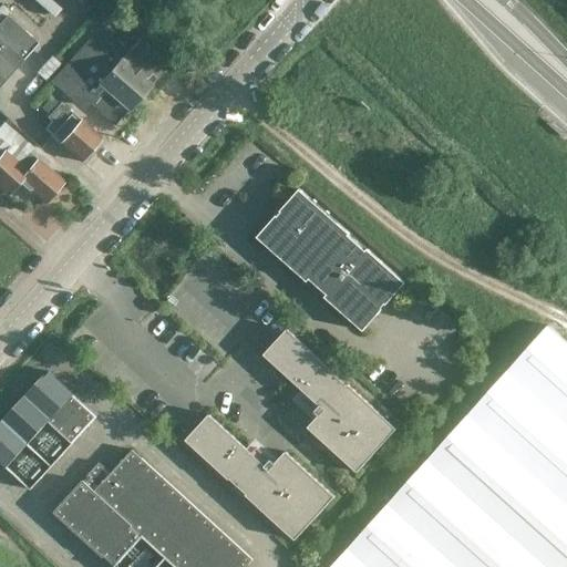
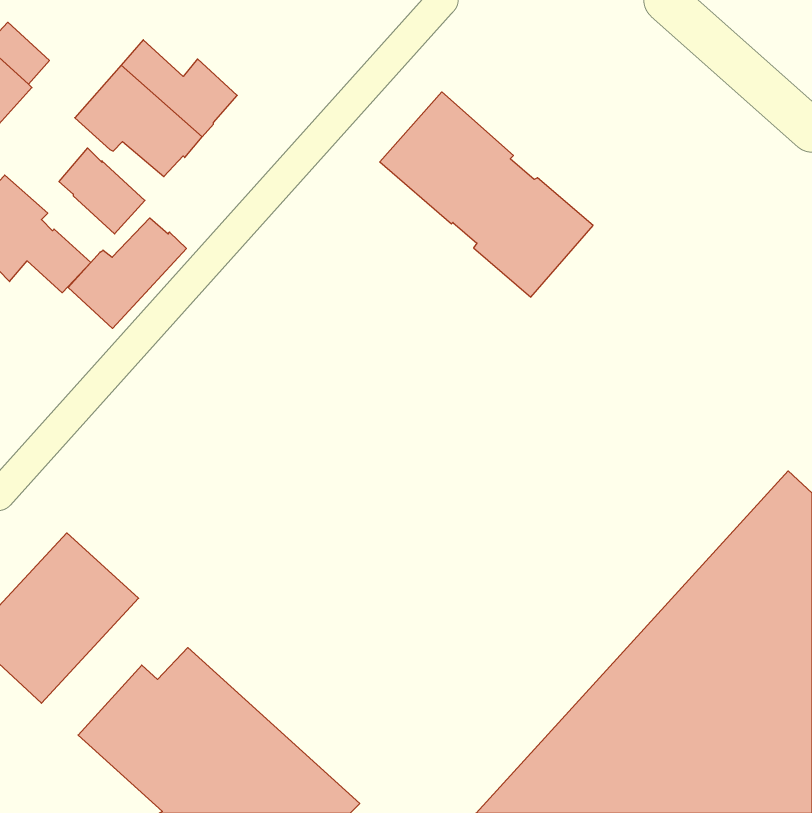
building: none -> [68,218,186,328]
building: [256,189,404,332] -> [380,92,593,297]
building: [262,329,396,473] -> none
building: [185,414,334,540] -> none

